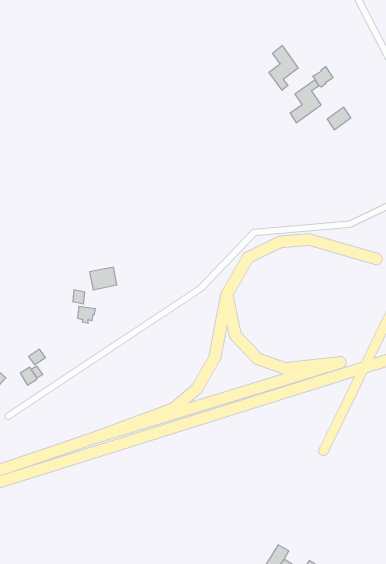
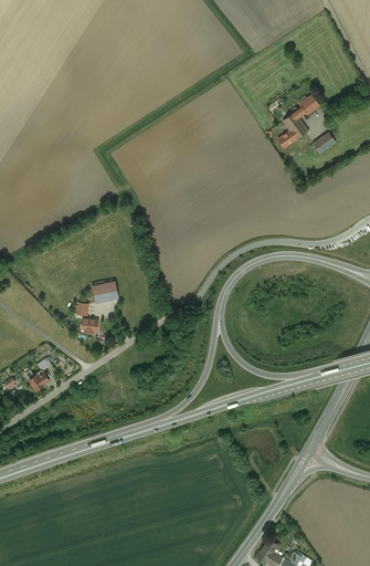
building: [269,45,298,90] -> none

